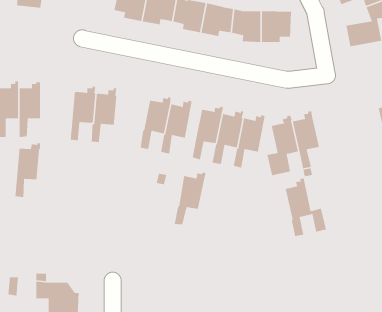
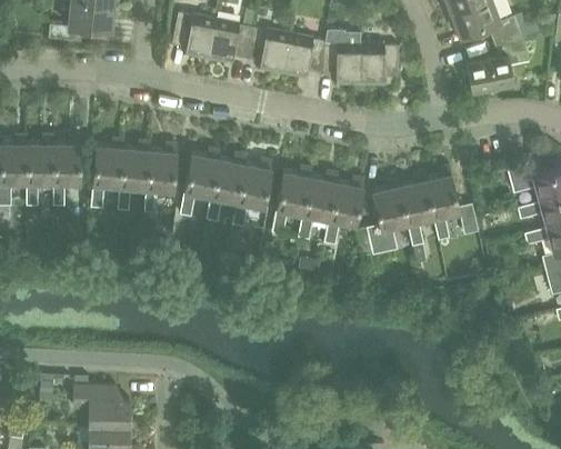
building: [14,143,41,198] -> [91,138,124,208]
building: [174,172,206,225] -> [180,148,221,216]
building: [285,177,327,237] -> [425,164,479,240]

